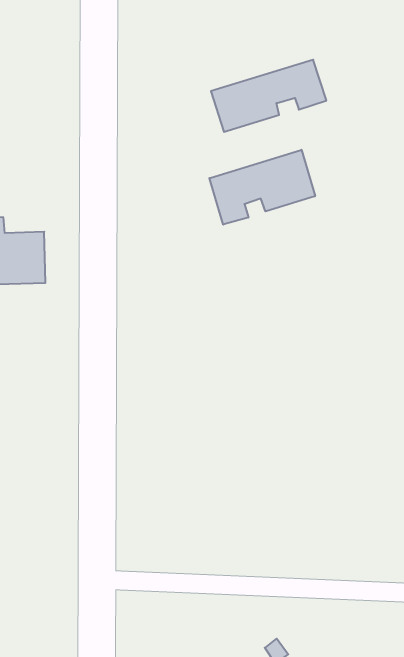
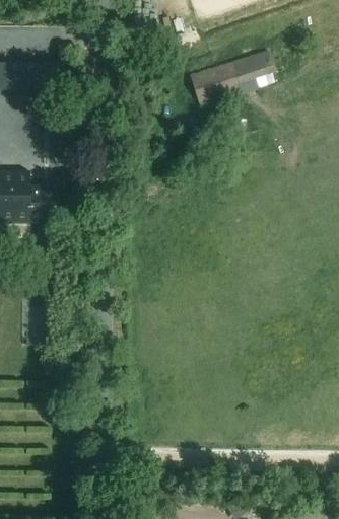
building: [209,150,315,225] -> none

